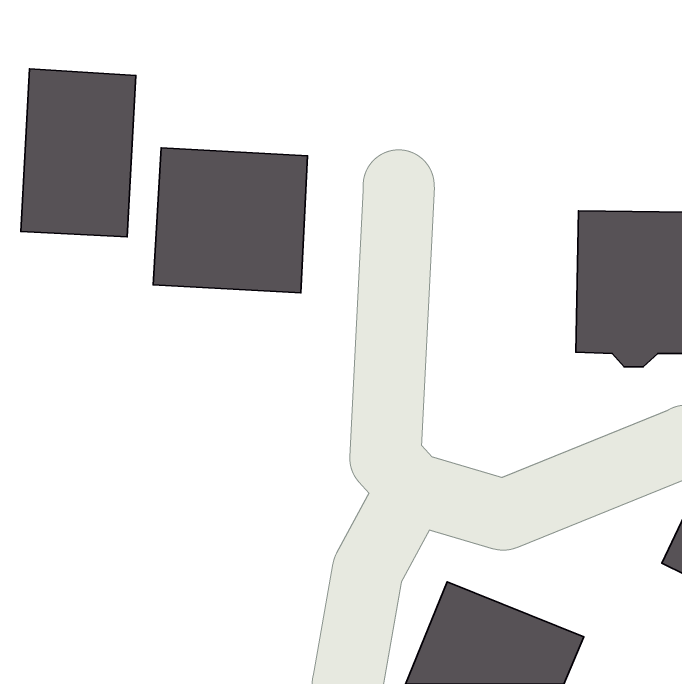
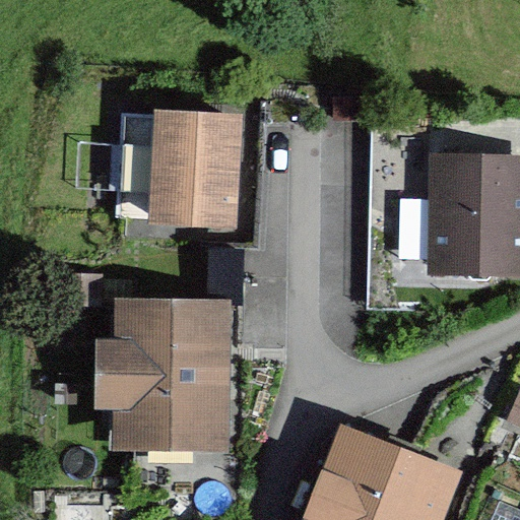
building: [21,69,136,237] -> none
building: none -> [114,314,218,432]

